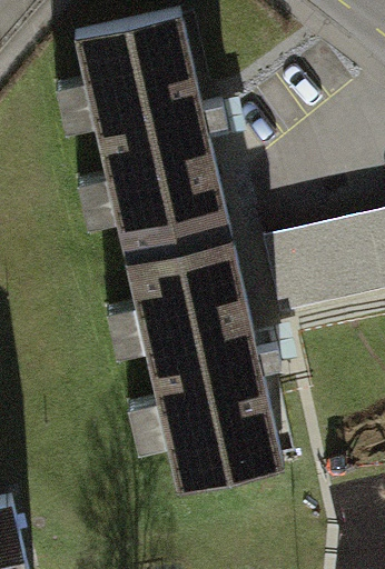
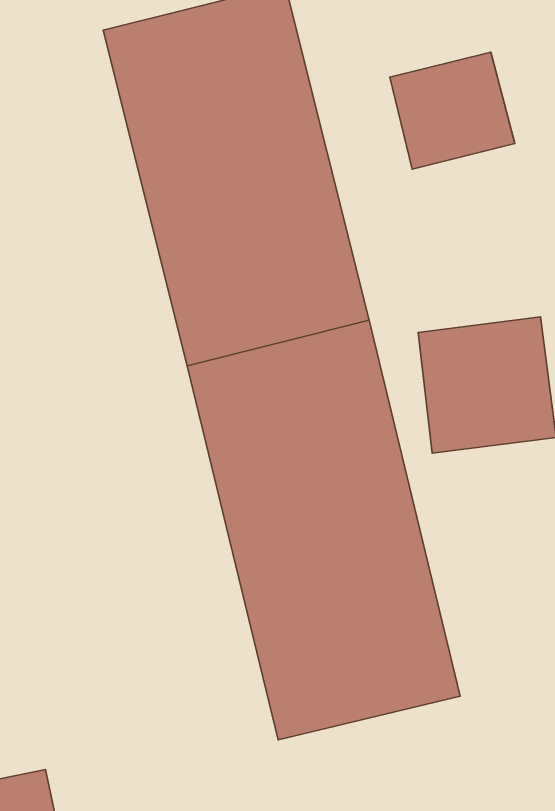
building: none -> [390,52,515,169]

